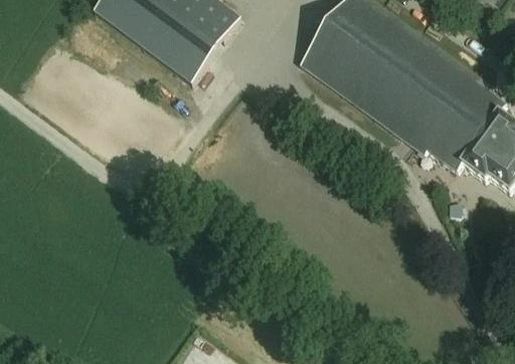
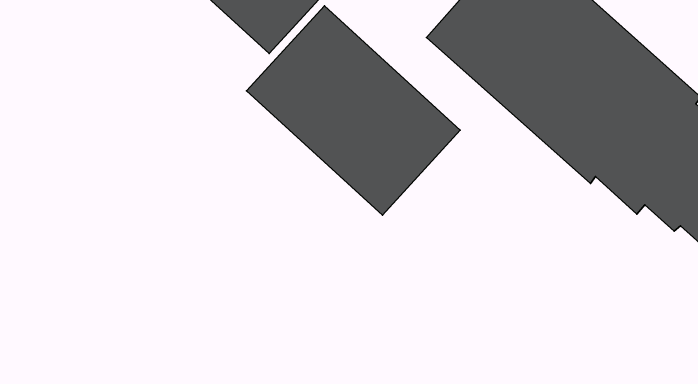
building: none -> [247,6,460,215]

